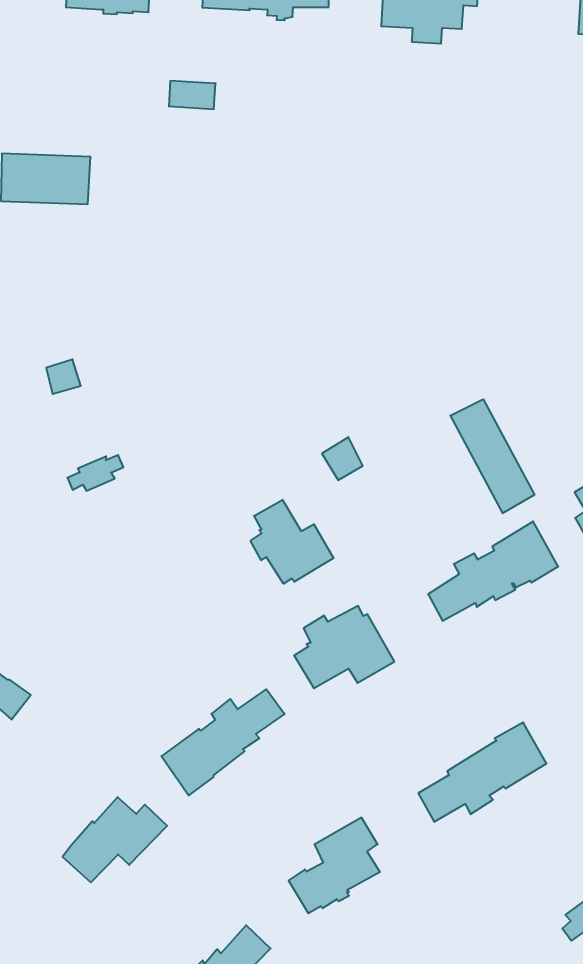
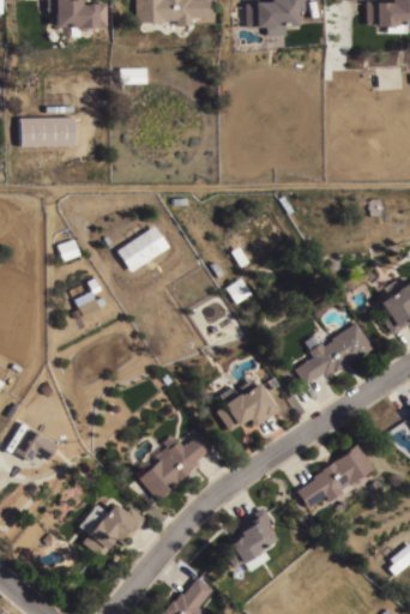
building: none -> [116,225,168,271]
building: [450,399,534,513] -> none
building: [251,500,334,584] -> none

